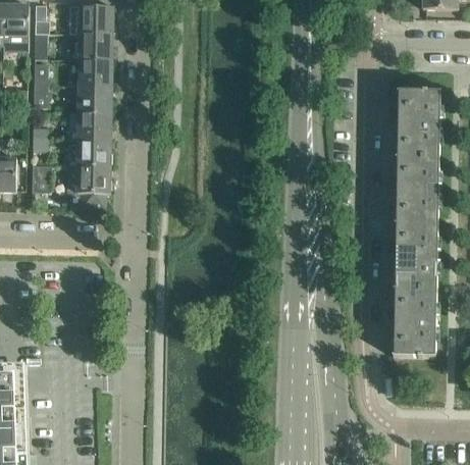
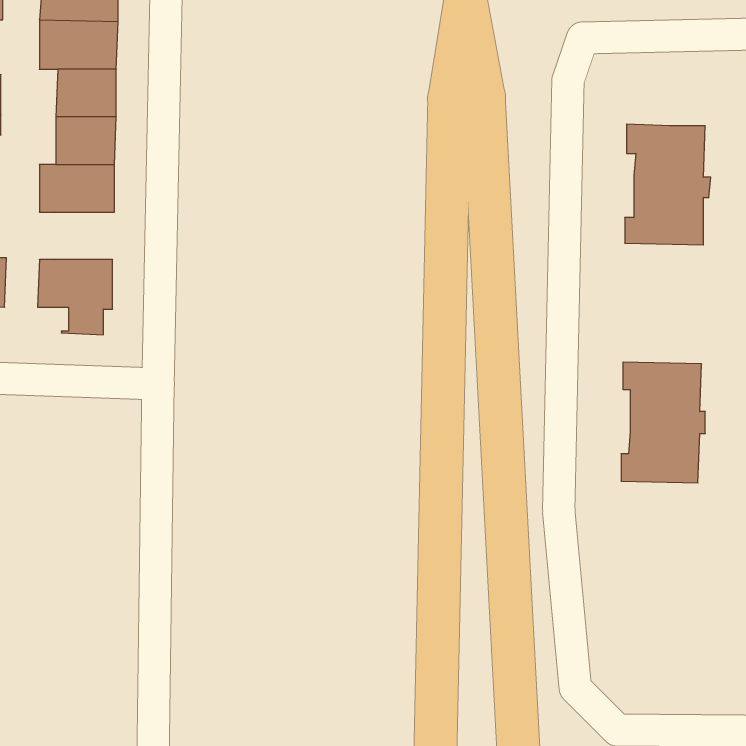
building: [76,140,110,166] -> none
building: [394,157,440,224] -> none
building: [390,290,438,357] -> none

